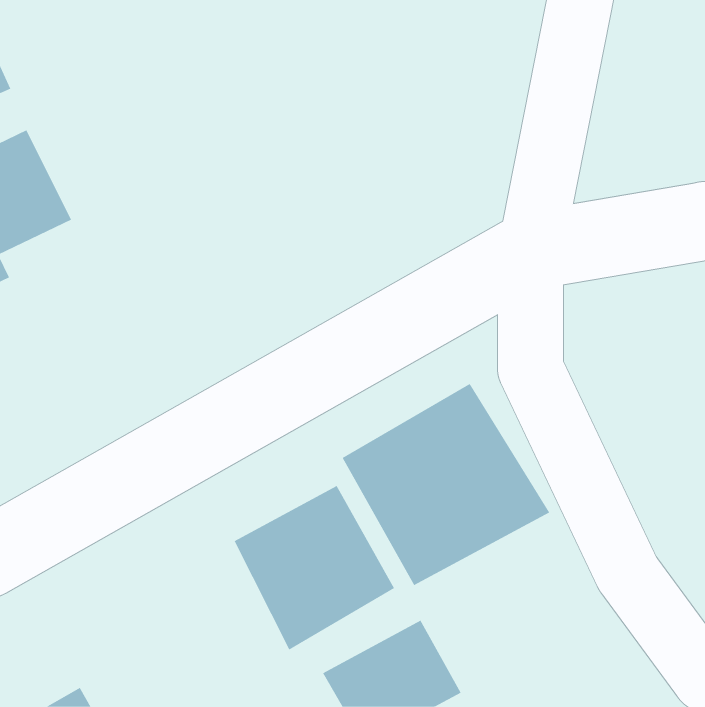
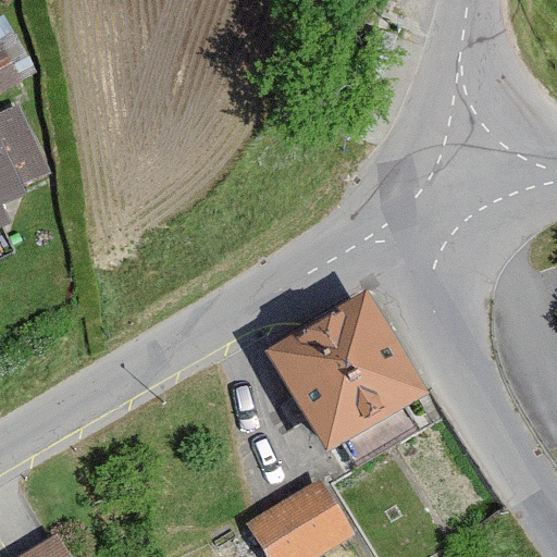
building: [234,485,395,651] -> none

